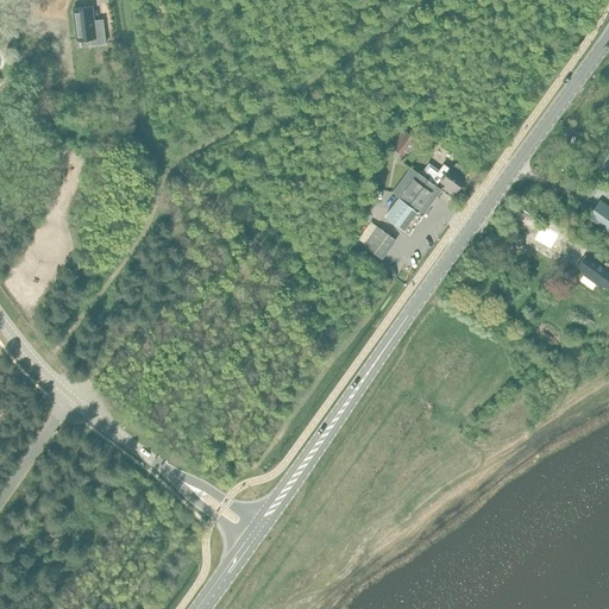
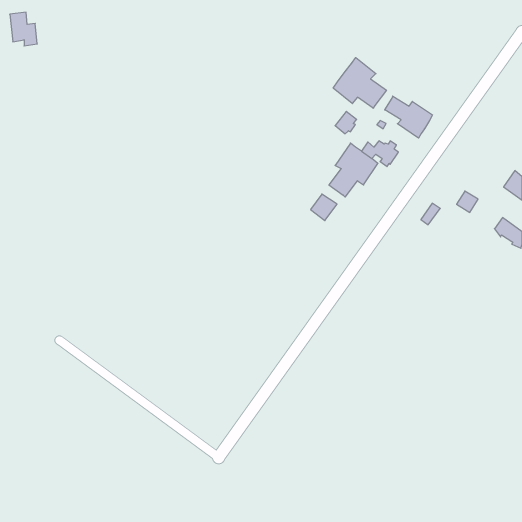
building: [73,6,105,45] -> [10,12,37,46]
building: none -> [333,58,386,108]
building: none -> [385,96,432,138]

